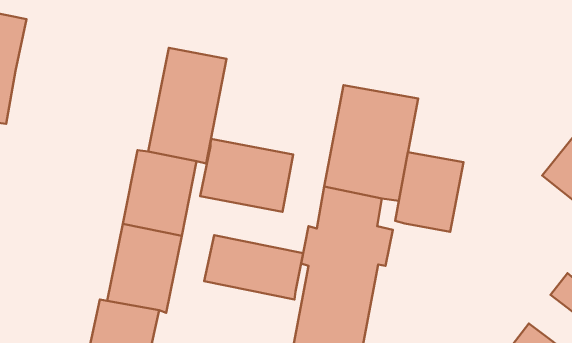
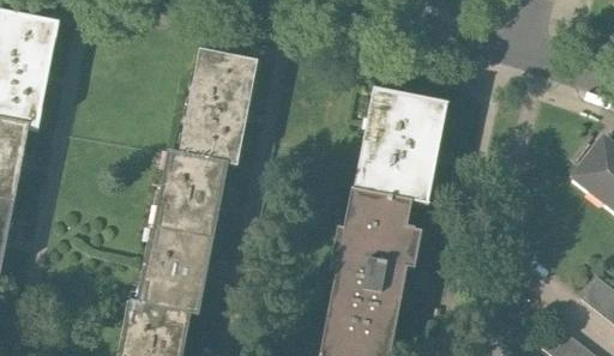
building: [200,139,293,212] -> none
building: [395,152,463,232] -> none
building: [204,235,303,299] -> none

